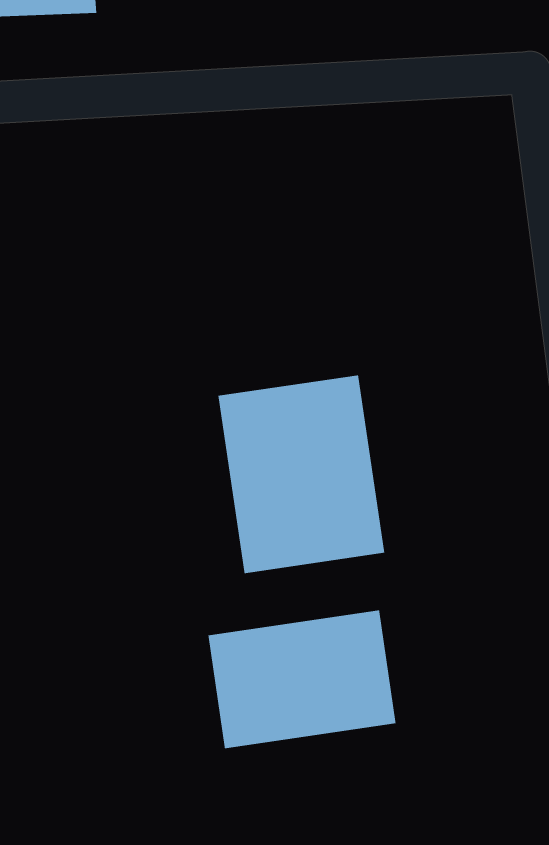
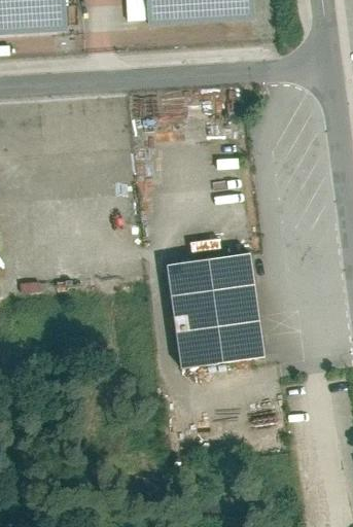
building: [208,610,396,749] -> none

